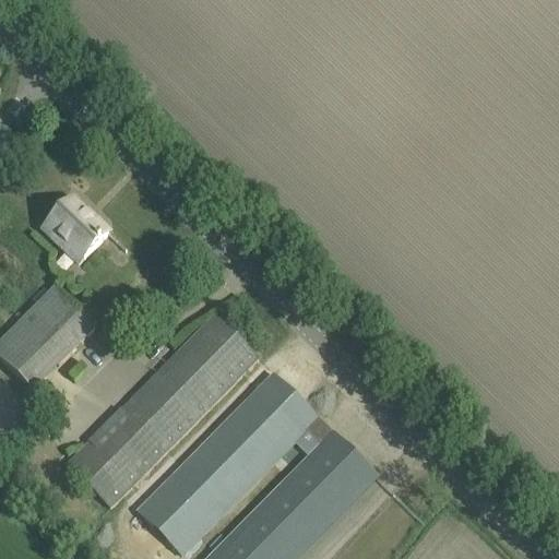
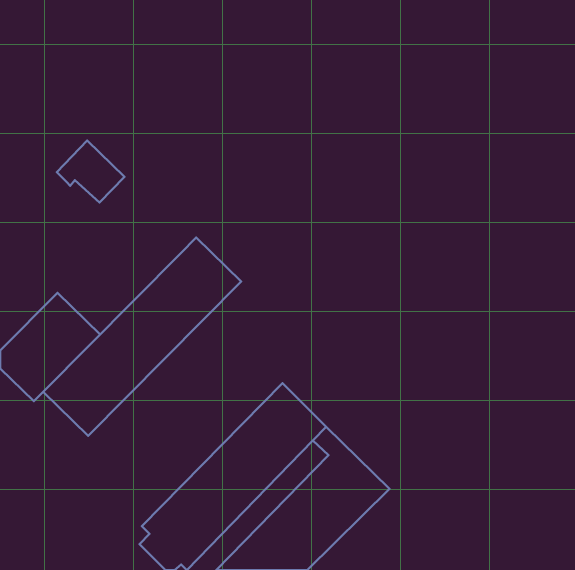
building: [43,195,108,255] -> [57,141,124,203]
building: [67,313,259,506] -> [43,238,241,436]

